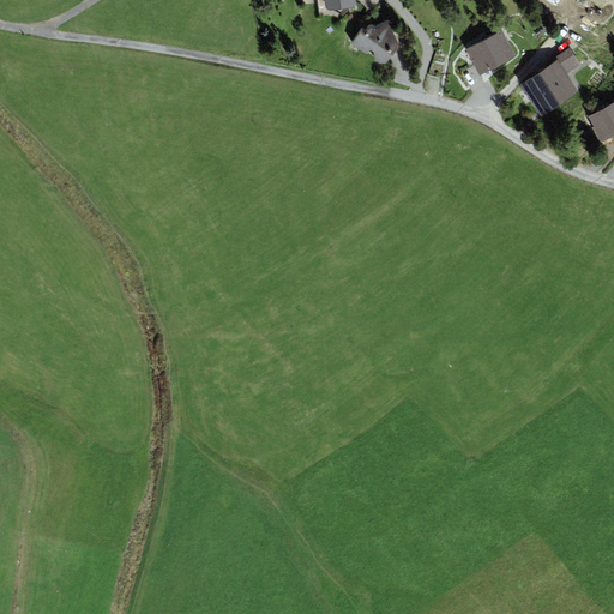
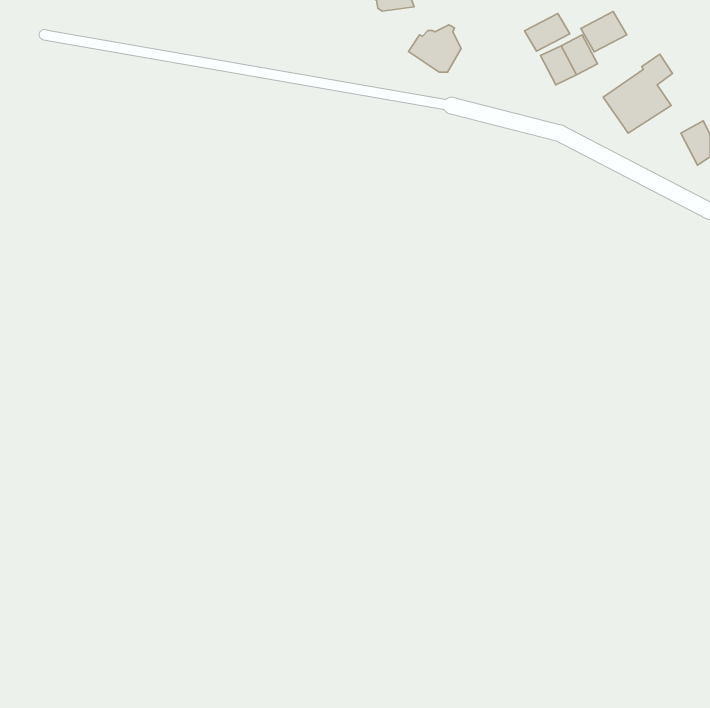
building: none -> [581,11,627,52]
building: none -> [525,13,570,51]

